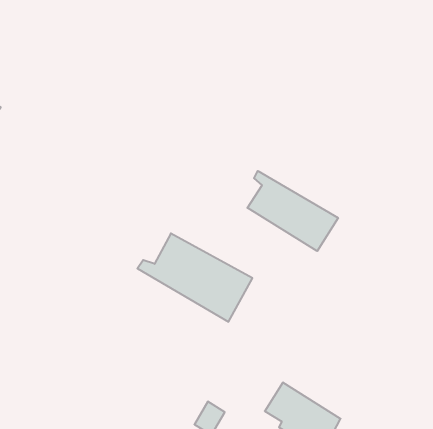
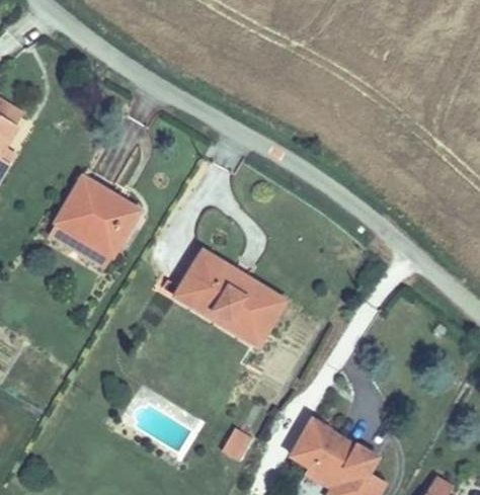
building: none -> [54,180,132,259]
building: [247,171,338,251] -> none

